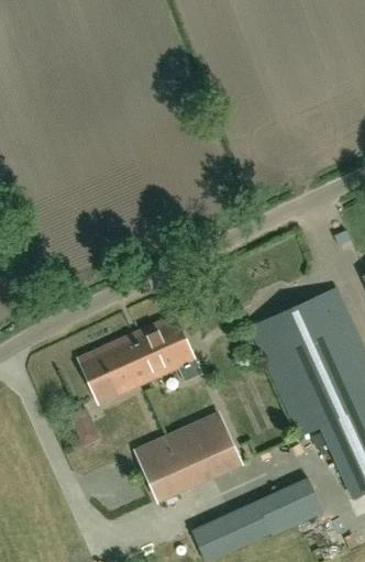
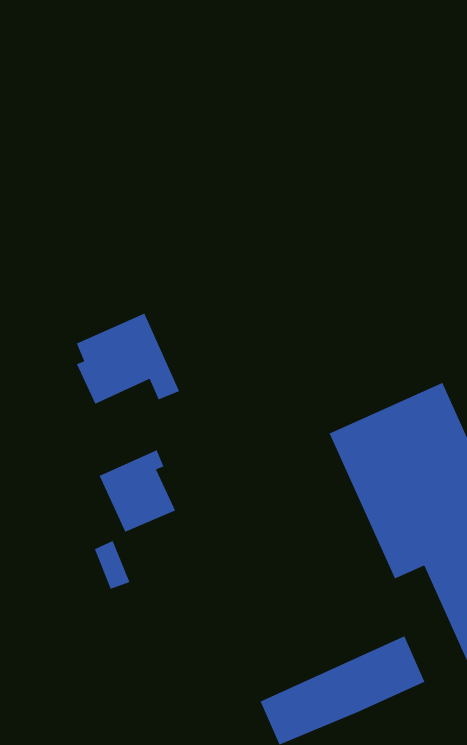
building: [121,315,199,384] -> [76,312,180,405]
building: [132,410,241,505] -> none

